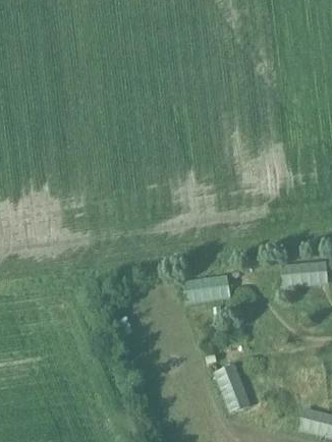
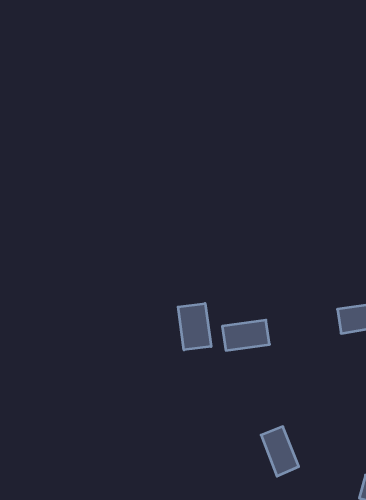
building: none -> [178,303,211,350]

